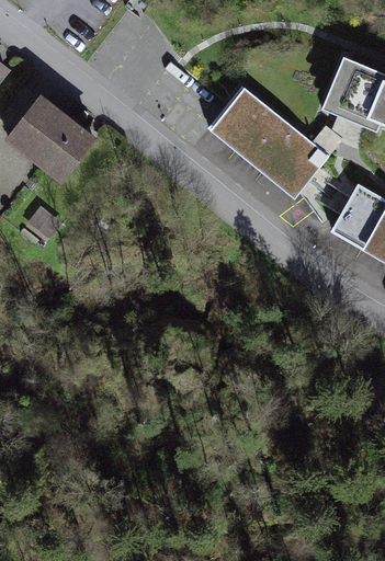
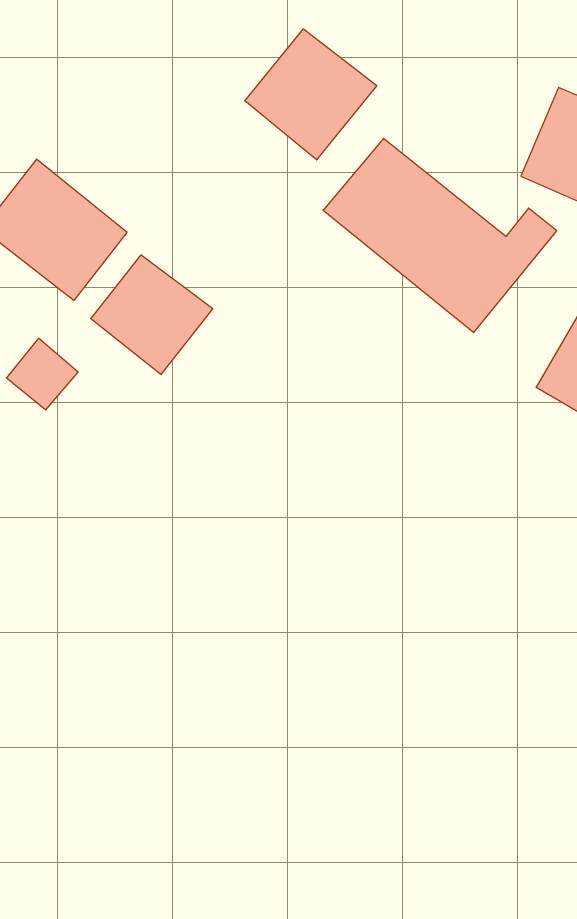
building: none -> [245,29,377,160]
building: none -> [91,255,213,375]

